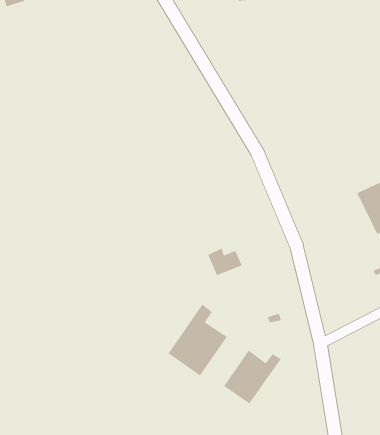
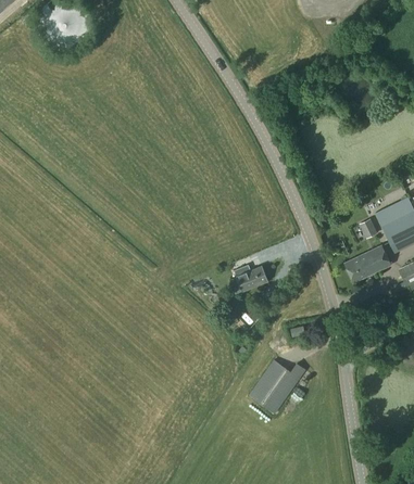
building: none -> [344,244,391,281]
building: [168,304,228,376] -> none

